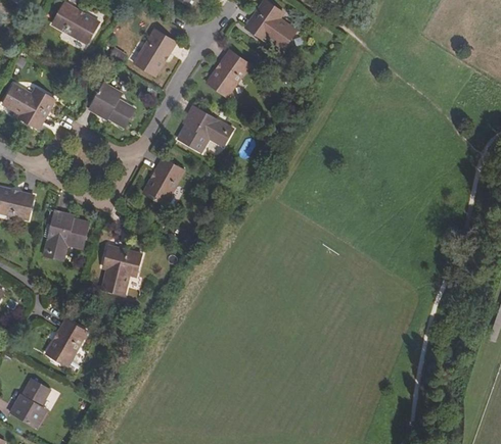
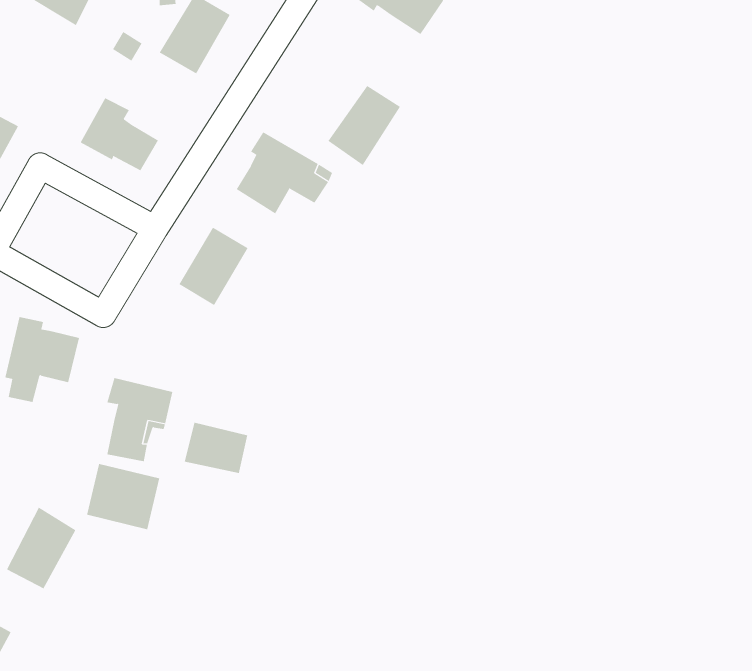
building: [208,52,249,98] -> [327,85,401,166]
building: none -> [184,422,248,474]
building: none -> [87,463,160,530]

